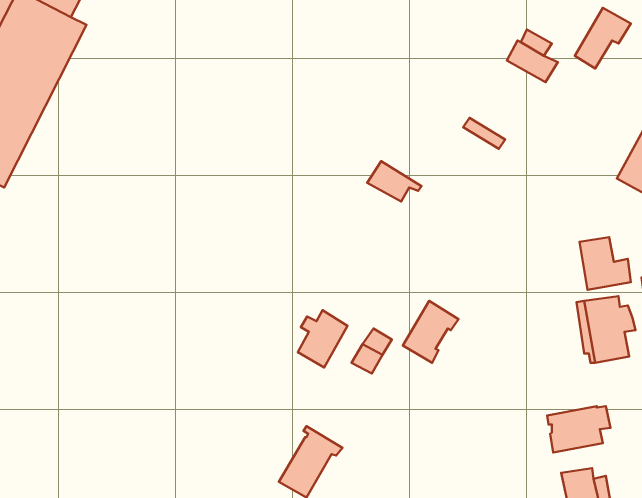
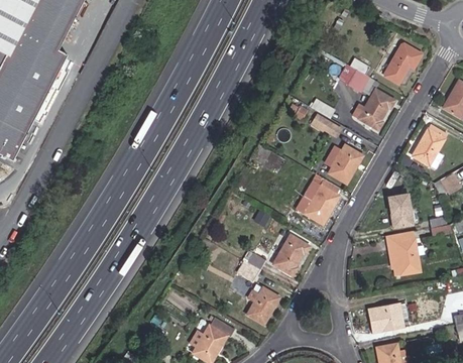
building: none -> [353,89,394,129]
building: none -> [325,144,363,183]
building: none -> [305,180,339,223]
building: [298,310,347,368] -> [247,286,279,324]

